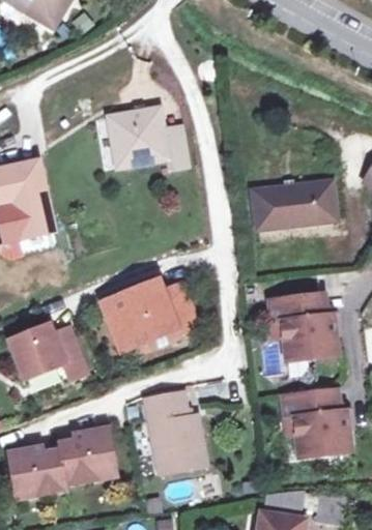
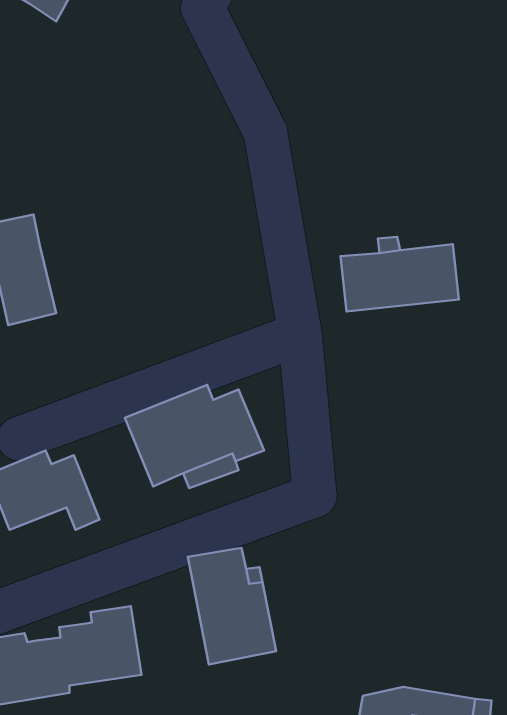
building: [108,107,189,166] -> none
building: [270,293,339,359] -> none
building: [284,388,350,454] -> none

